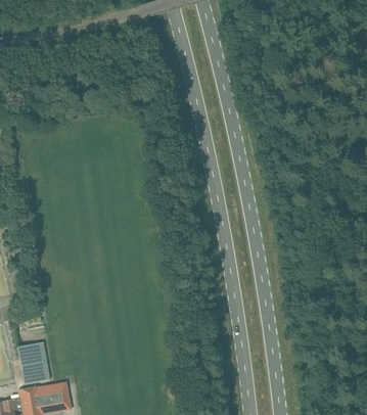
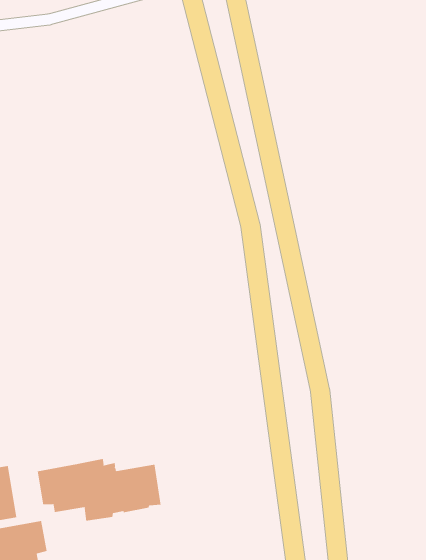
building: none -> [37,458,161,521]

